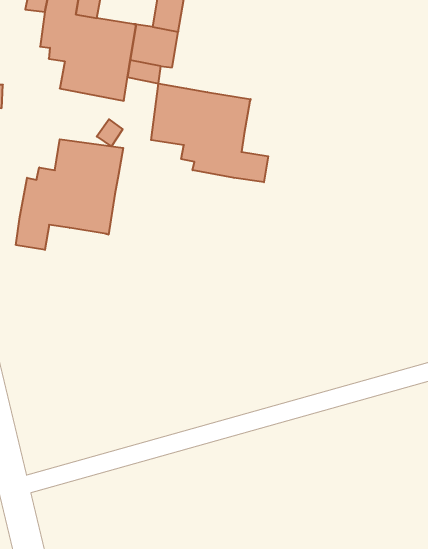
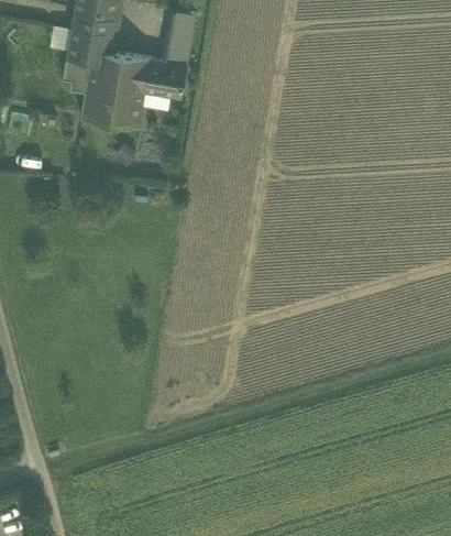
building: [151,83,268,182] -> none
building: [16,139,123,250] -> none

